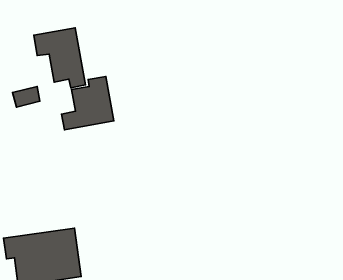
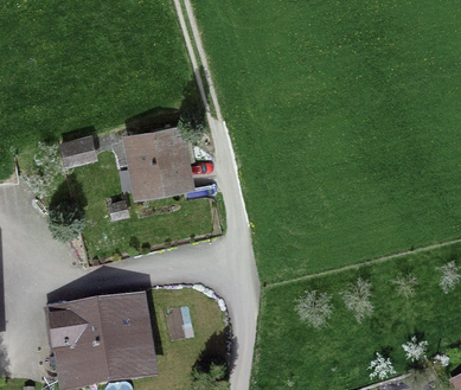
building: [34,28,86,88] -> none

